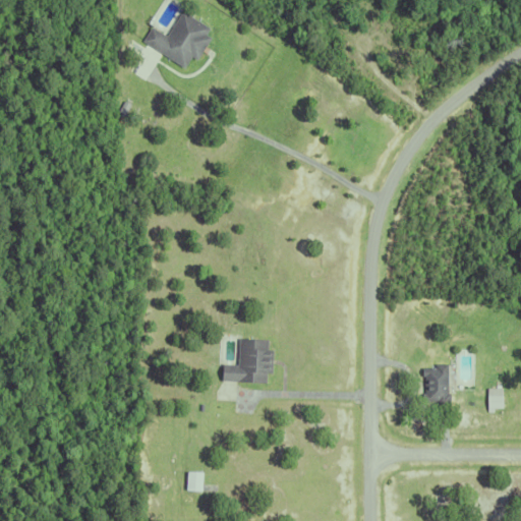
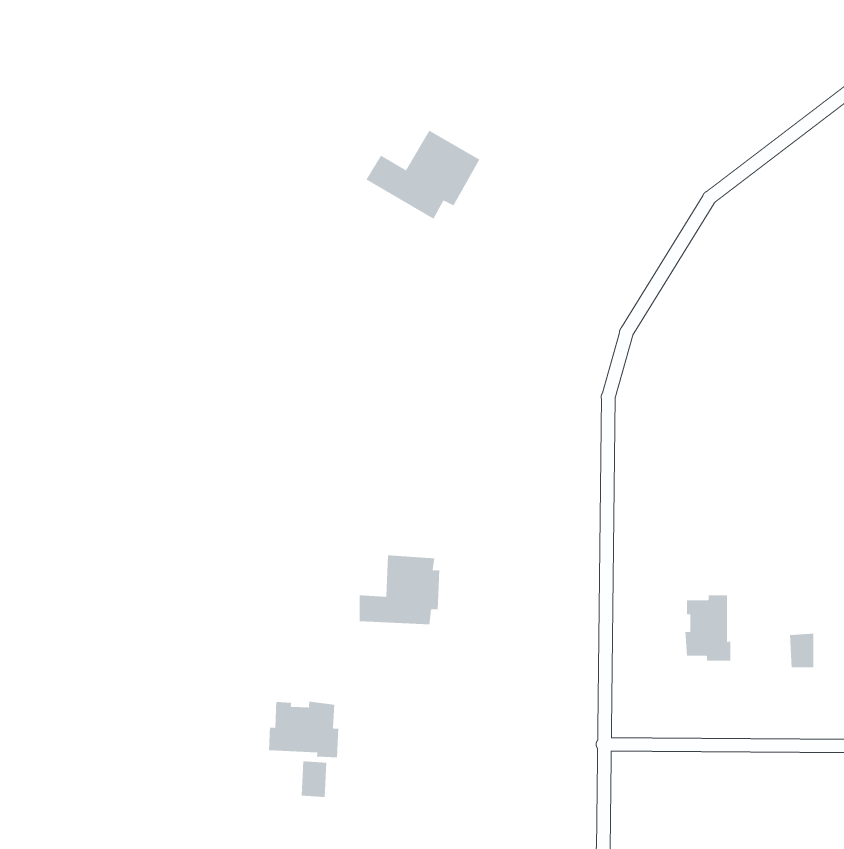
building: [142,12,213,67] -> [366,130,480,219]
building: none -> [268,701,339,758]

